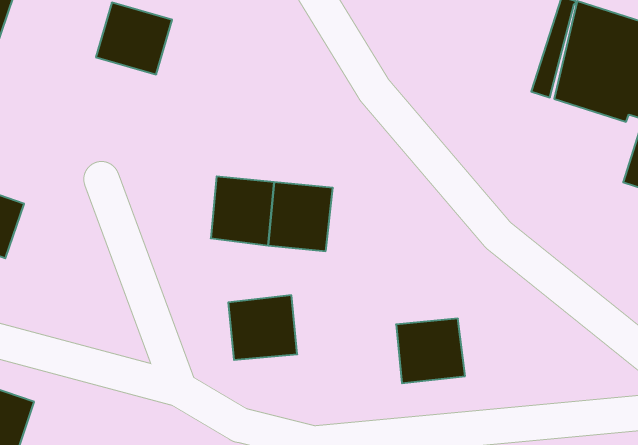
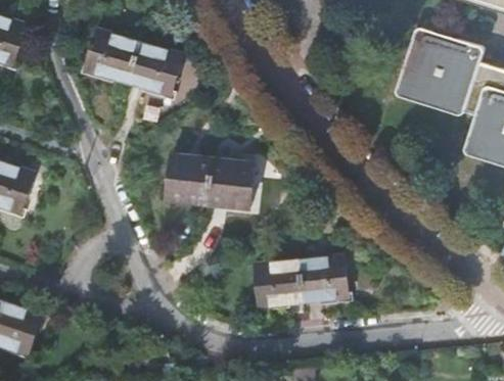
building: none -> [129,44,183,95]
building: [228,295,297,360] -> [255,260,304,306]

